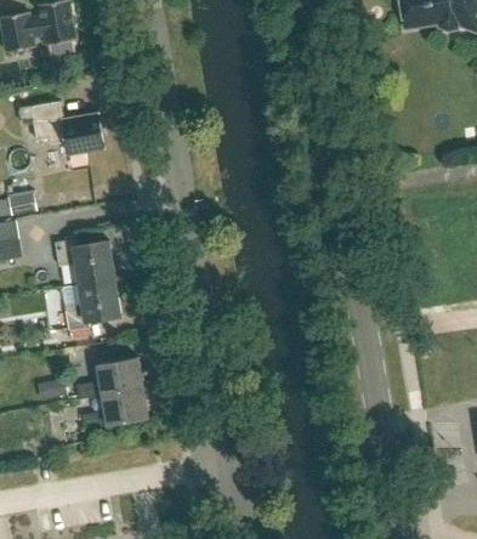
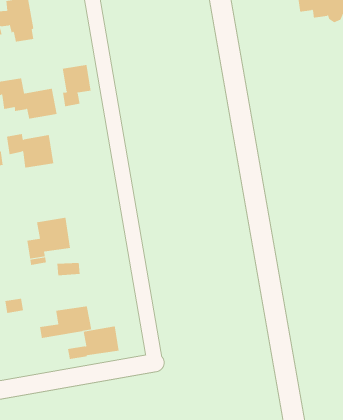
building: none -> [62,64,91,107]
building: [55,238,115,282] -> [6,134,54,168]
building: [76,356,142,398] -> [67,326,119,359]

